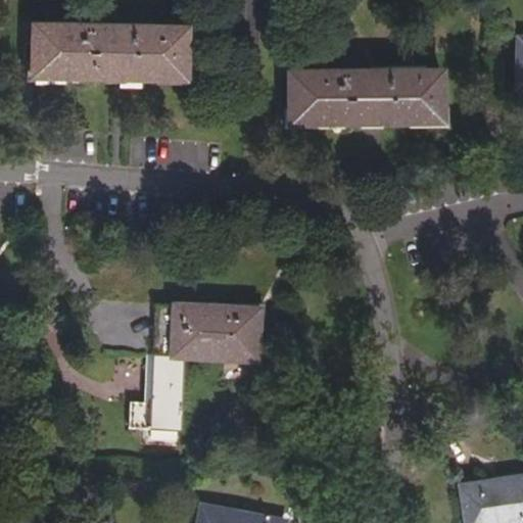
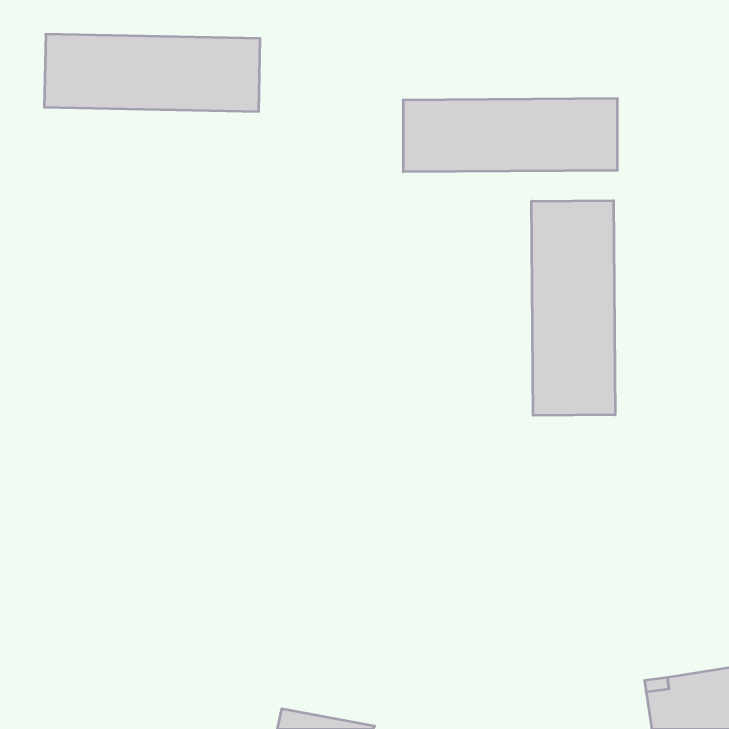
building: none -> [532,201,615,415]
building: [131,303,258,430] -> none

